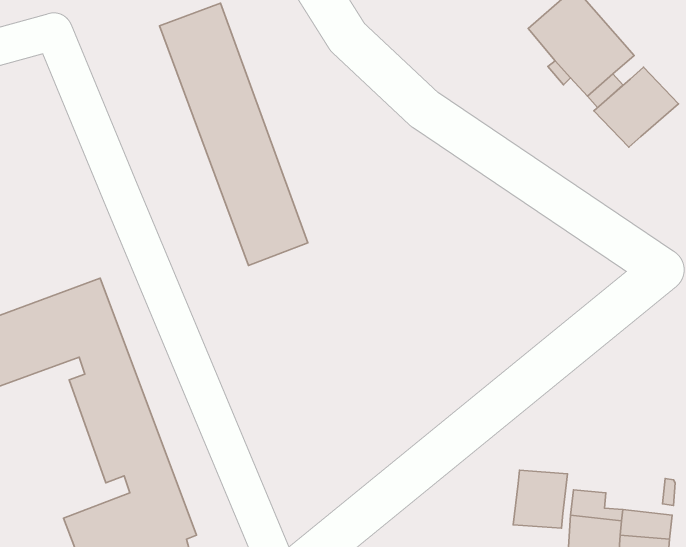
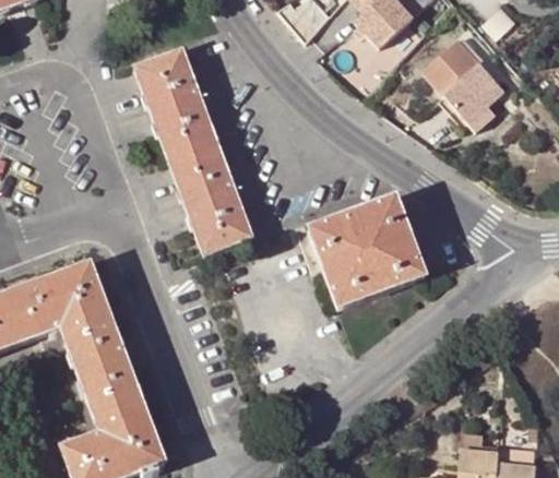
building: [594,67,678,147] -> none
building: none -> [309,194,426,307]
building: [513,470,567,528] -> none

